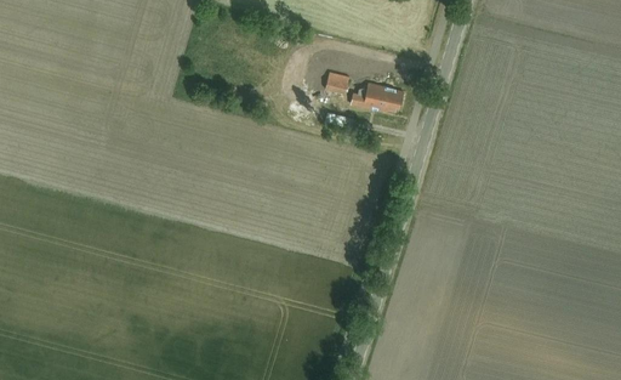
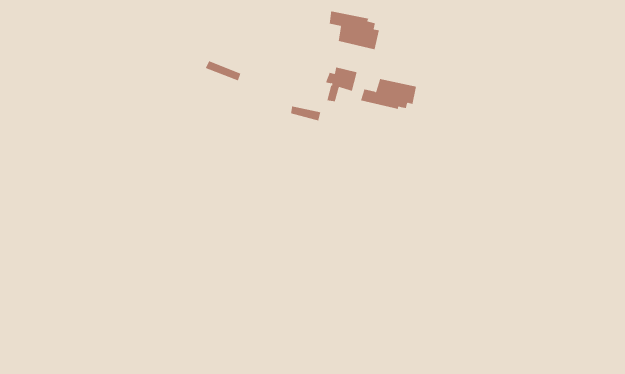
building: none -> [329,10,379,50]

